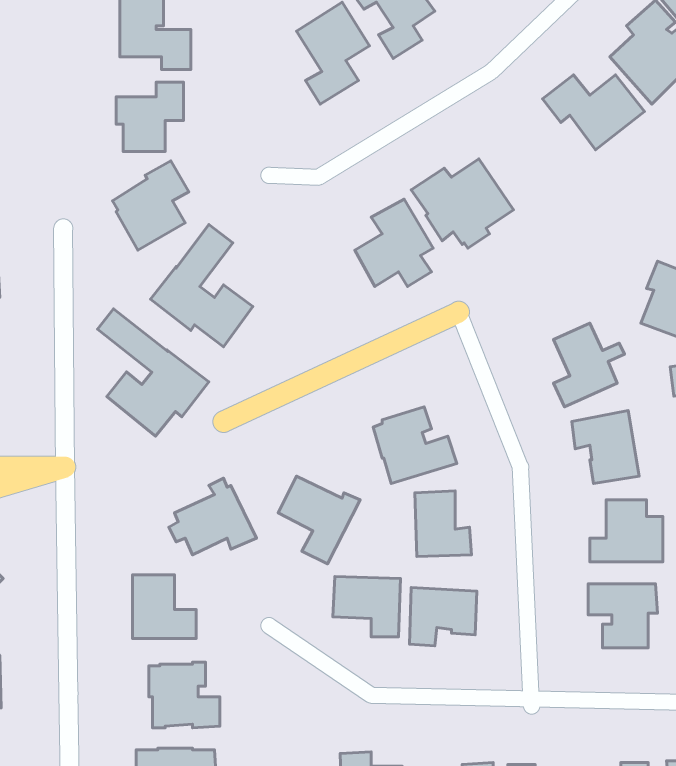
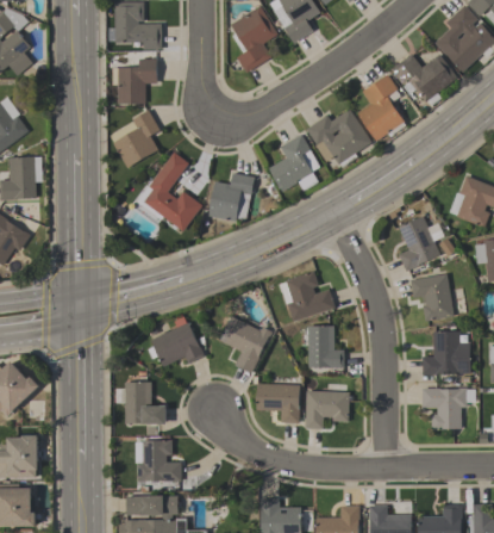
building: none -> [358,75,407,142]
building: none -> [208,174,256,223]
building: [98,309,209,436] -> none

